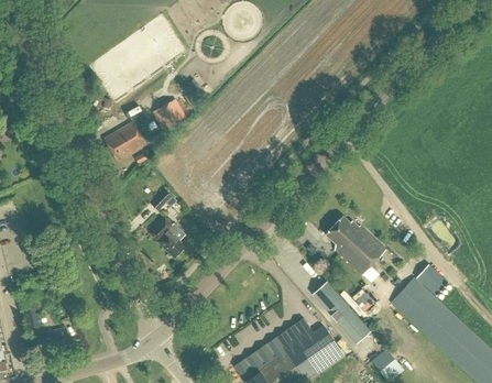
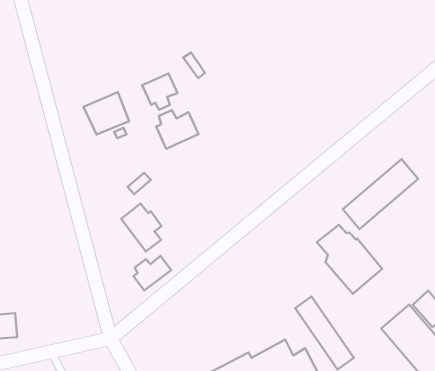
building: none -> [156,110,198,149]
building: none -> [343,159,418,229]
building: none -> [133,256,171,291]

